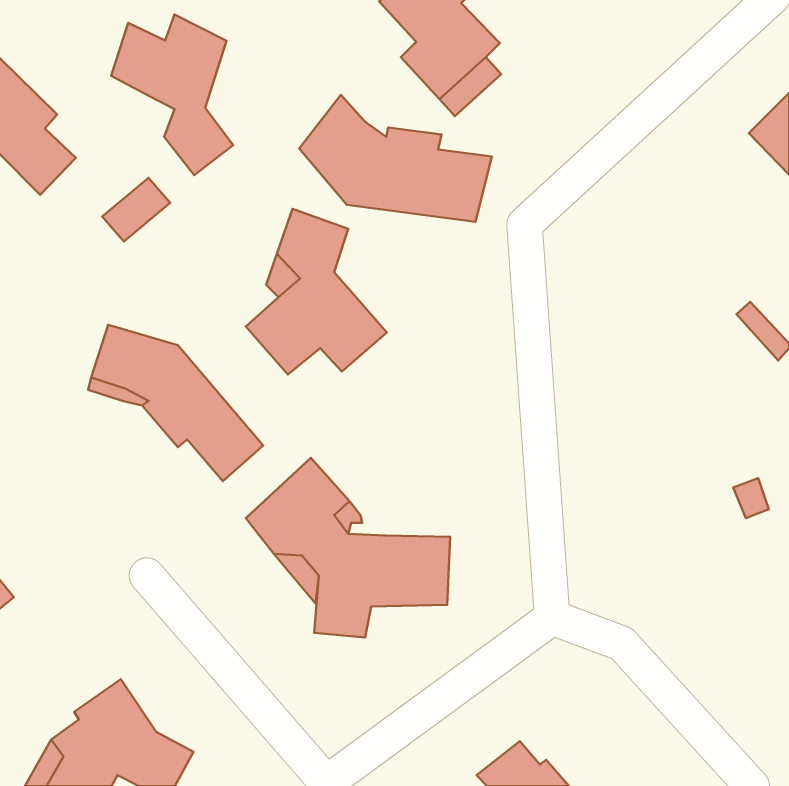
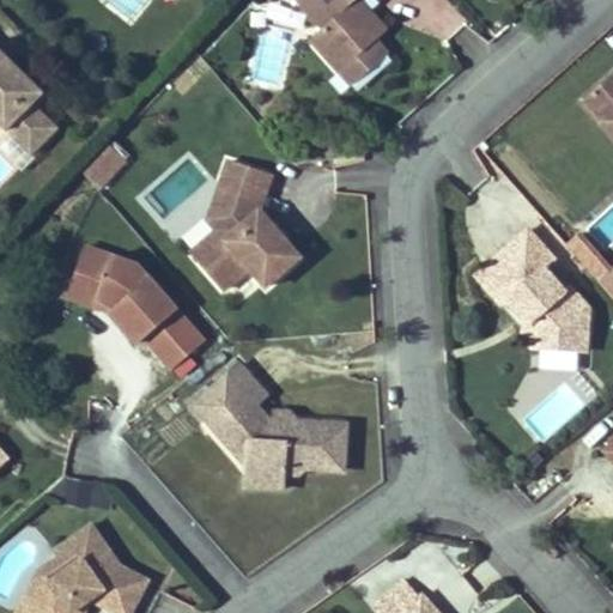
building: [111,14,233,175] -> none
building: [299,95,492,222] -> none
building: none -> [480,227,593,348]

